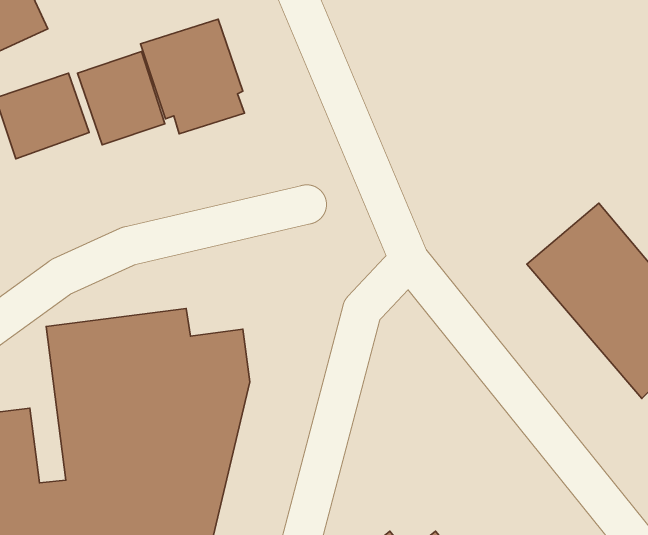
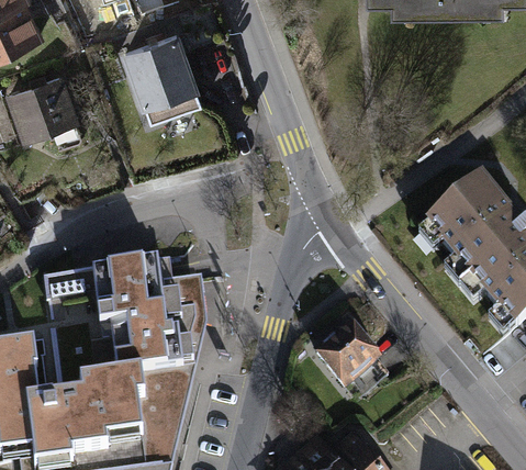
building: [78,51,165,145] -> none
building: none -> [313,324,389,402]

